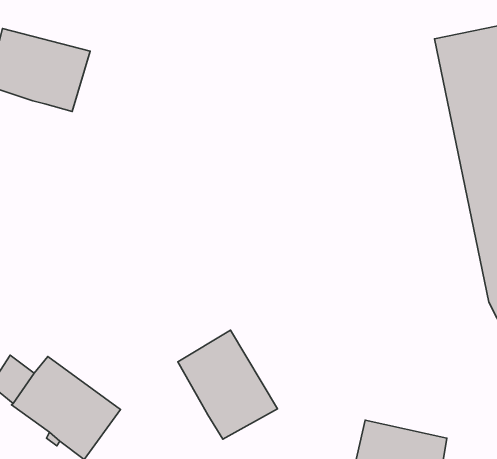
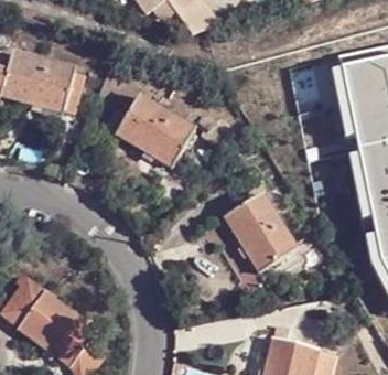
building: none -> [118,93,197,167]
building: [178,330,277,439] -> [226,191,299,270]

